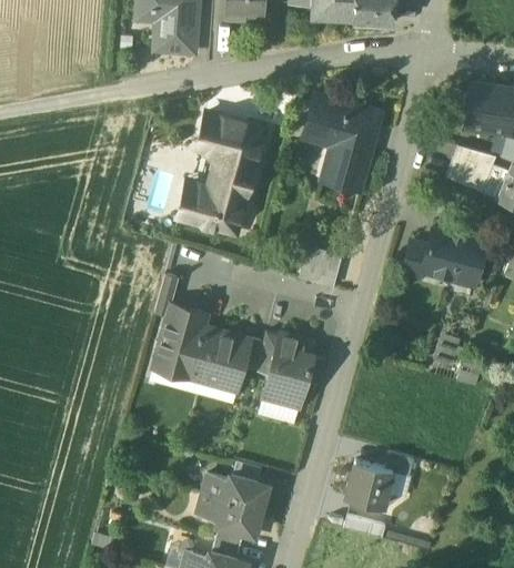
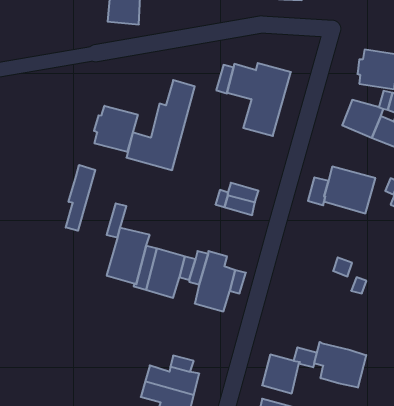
building: [199,115,236,154] -> none
building: none -> [94,106,138,152]
building: none -> [66,165,95,231]
building: none -> [314,342,366,388]

